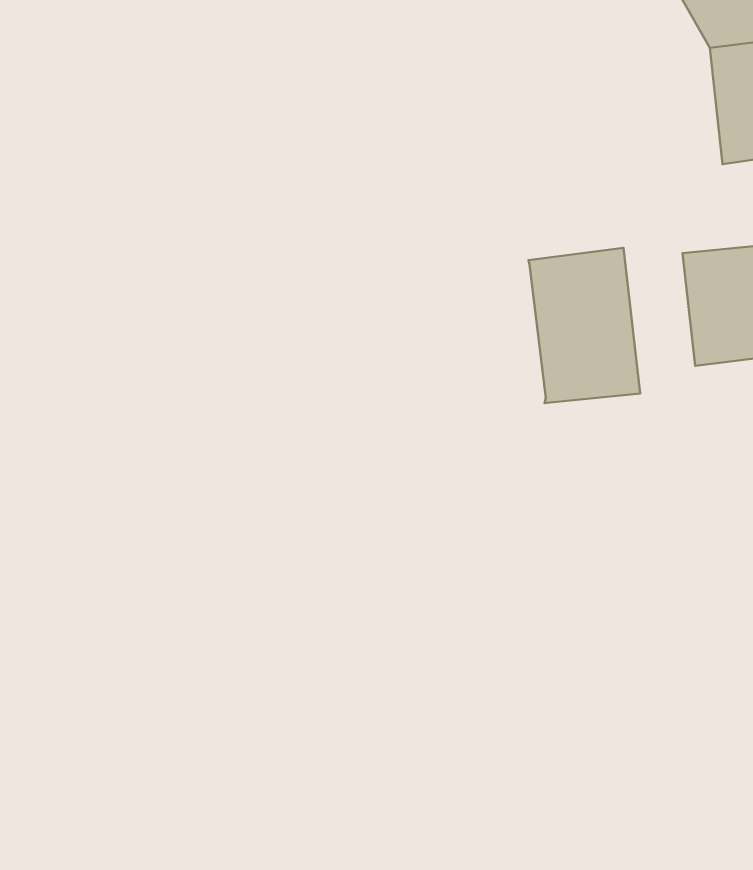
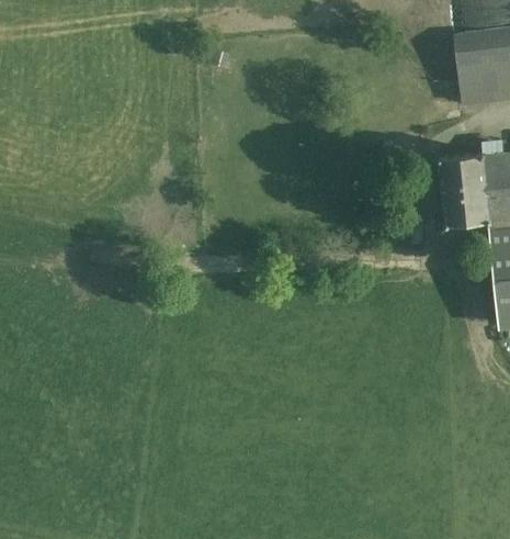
building: [529,248,640,403] -> none

